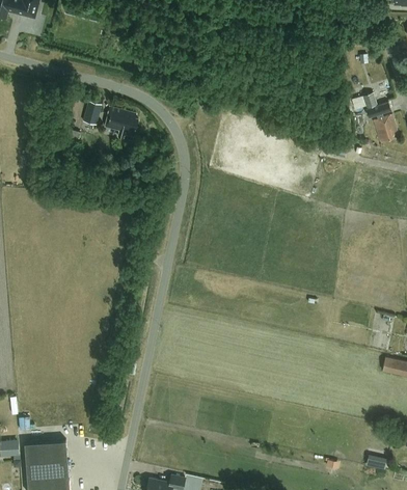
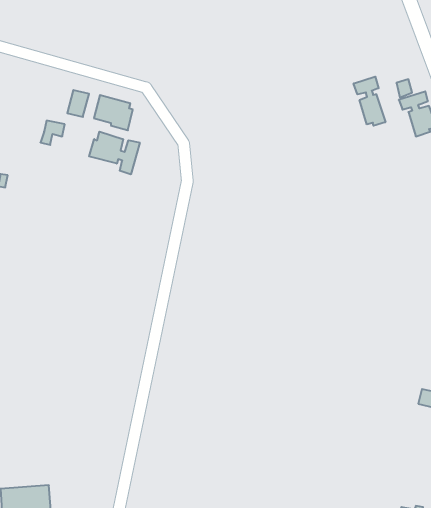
building: none -> [354,77,385,126]
building: none -> [89,132,140,174]

